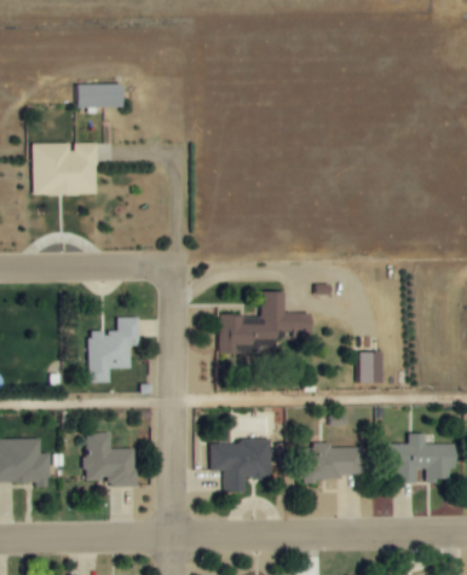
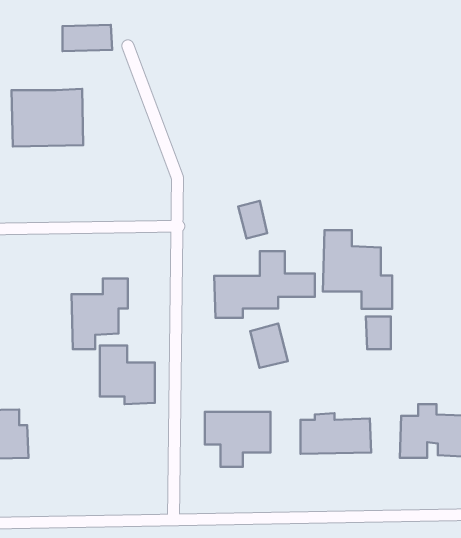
building: none -> [238,201,267,239]
building: none -> [323,230,392,309]
building: none -> [250,323,288,368]
building: [85,432,136,487] -> [100,345,155,404]

